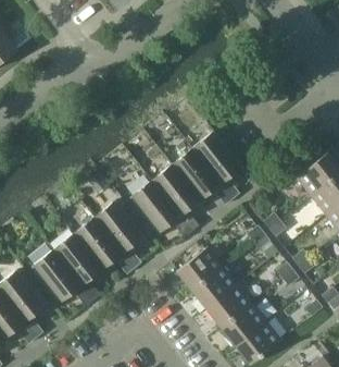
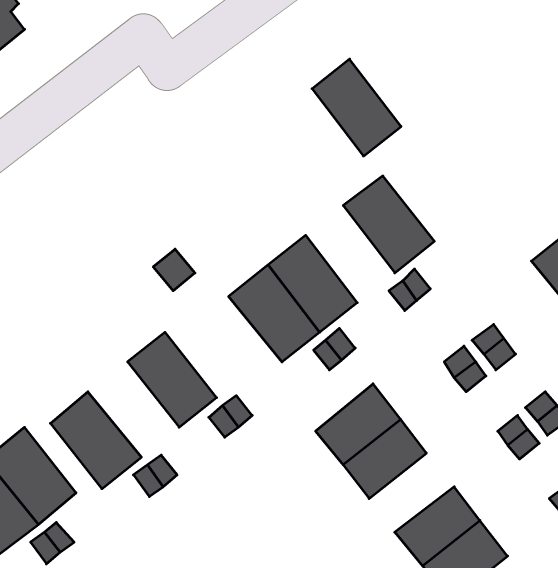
building: [172,147,221,200] -> [312,59,401,156]
building: [95,199,143,253] -> none
building: [52,233,102,285] -> none
building: [206,283,253,327] -> none

